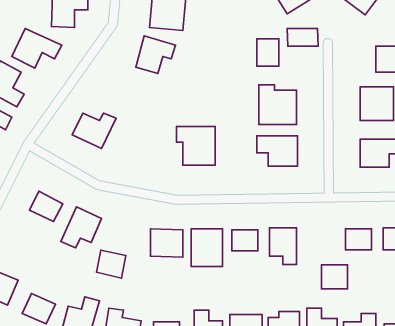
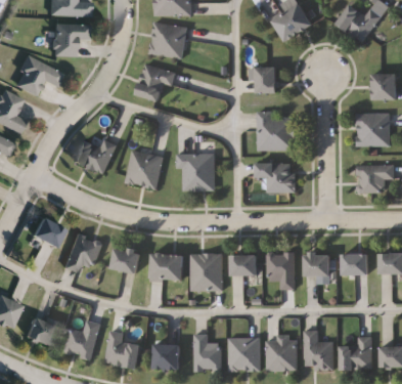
building: [287,28,318,46] -> none
building: none -> [127,151,163,188]
building: [97,250,126,278] -> [111,246,140,273]
building: [322,265,348,289] -> [305,252,330,275]

